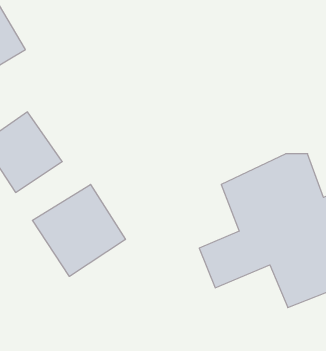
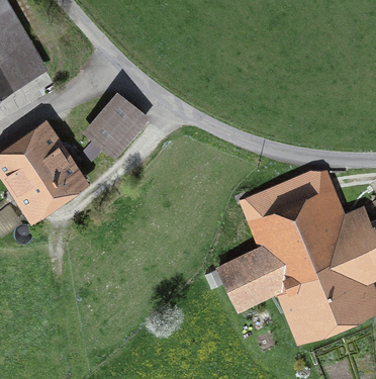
building: none -> [91,100,144,155]
building: [32,184,125,276] -> none

